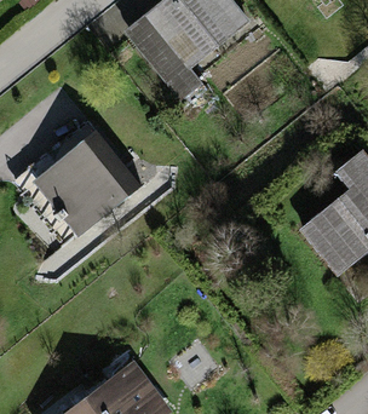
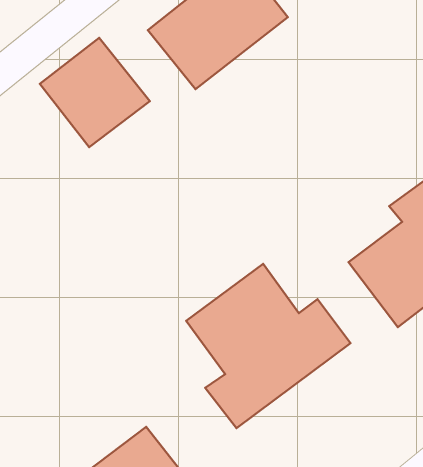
building: [34,143,126,235] -> [40,38,150,147]
building: none -> [186,264,350,428]

